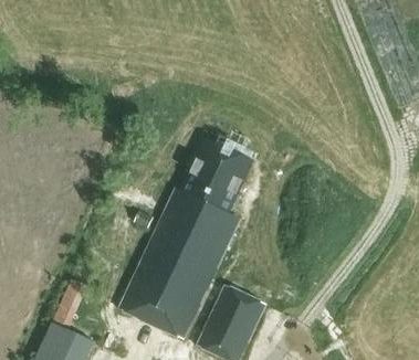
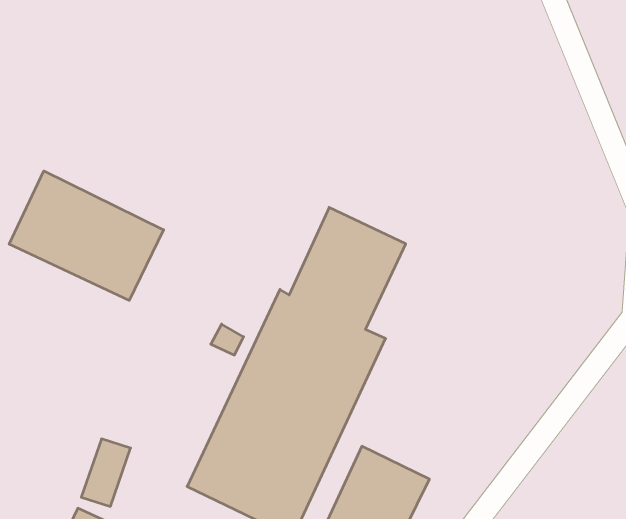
building: none -> [9,171,164,300]

